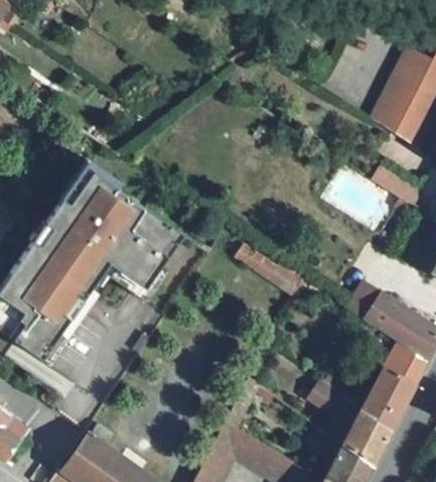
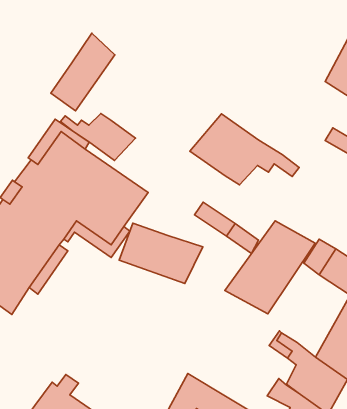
building: none -> [51,33,115,111]
building: none -> [61,113,135,161]
building: none -> [190,114,299,185]
building: none -> [225,221,315,314]
building: none -> [119,223,203,283]

